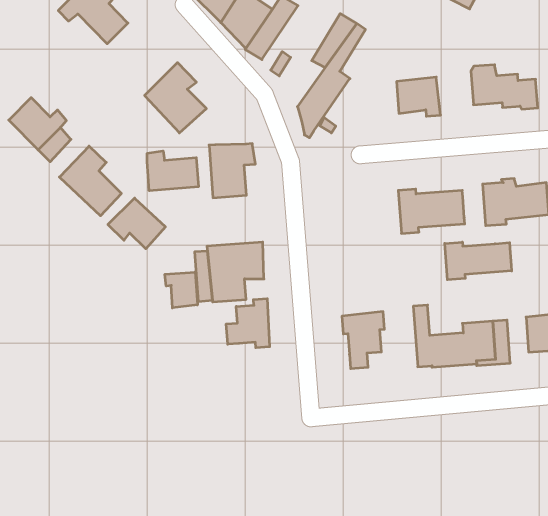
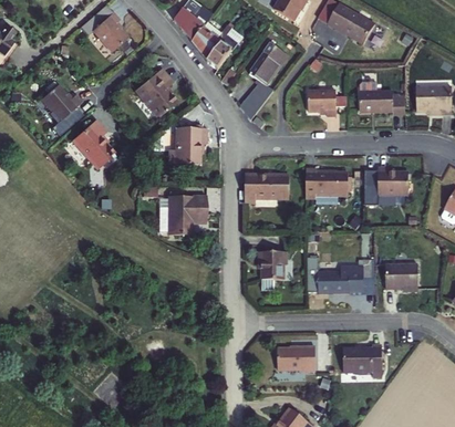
building: [147,151,198,191] -> none
building: none -> [244,170,289,201]
building: [108,198,165,249] -> none
building: [445,242,512,280] -> none
building: [165,272,197,308] -> none
building: [226,299,270,348] -> none
building: none -> [342,344,382,376]
building: none -> [277,345,314,367]

